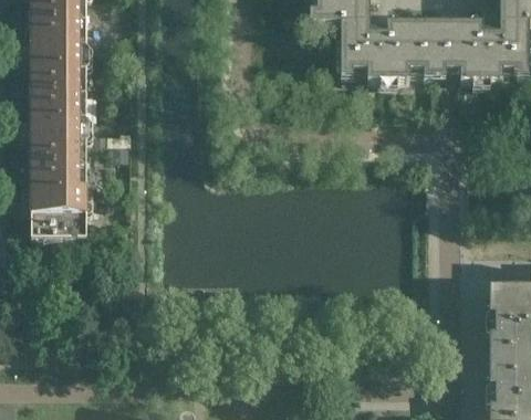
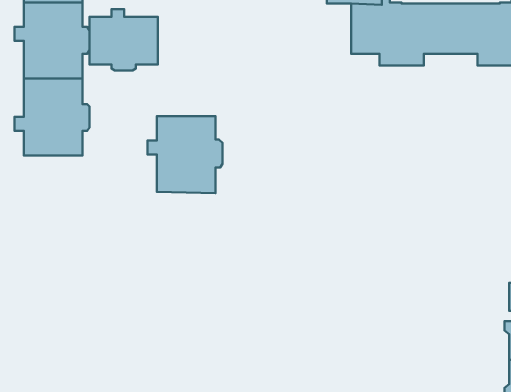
building: none -> [89,9,158,70]
building: [21,164,92,237] -> [148,116,222,193]

